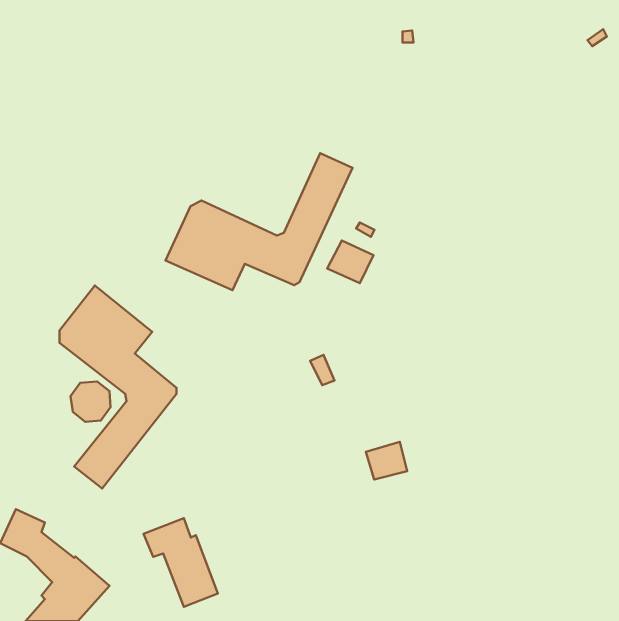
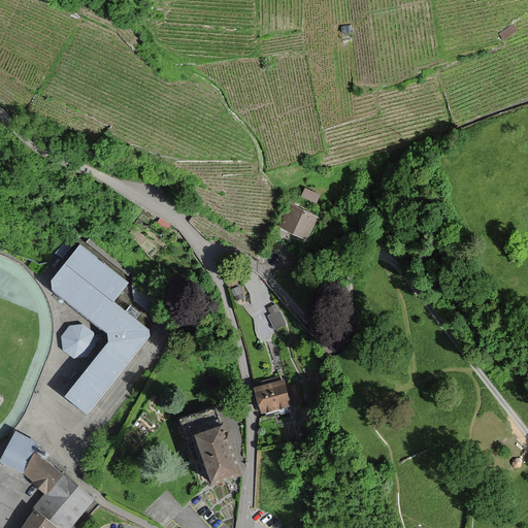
building: [165,153,352,290] -> none
building: [366,442,407,480] -> [253,381,288,412]
building: [144,518,218,607] -> [178,409,241,485]

